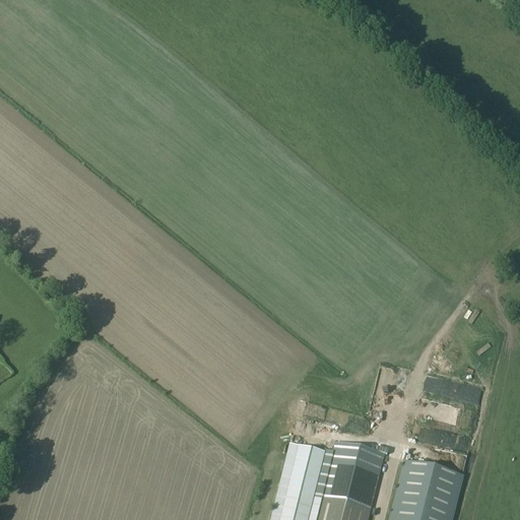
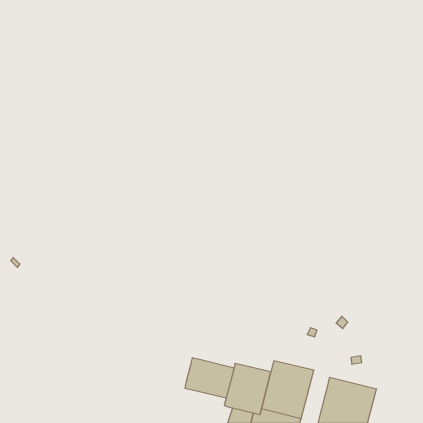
building: none -> [185,358,234,398]

